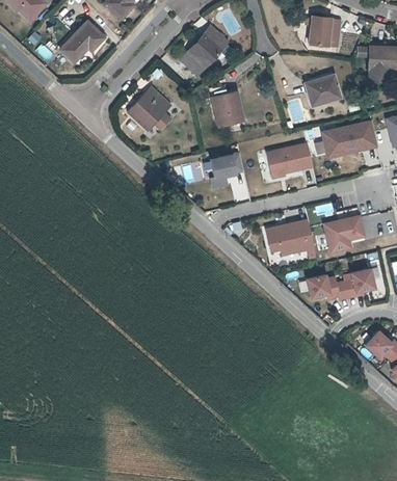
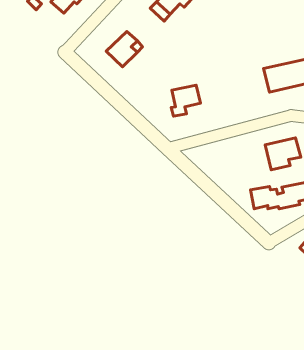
building: [309,74,344,105] -> none
building: [213,91,245,123] -> none
building: [265,142,312,179] -> none
building: [264,218,314,257] -> none

